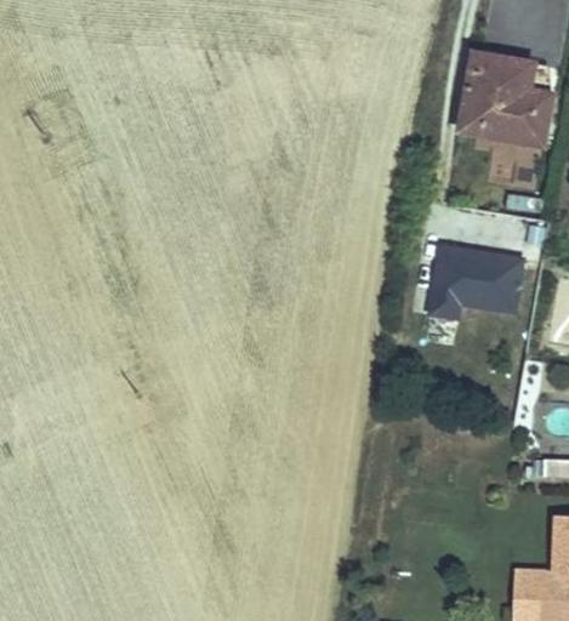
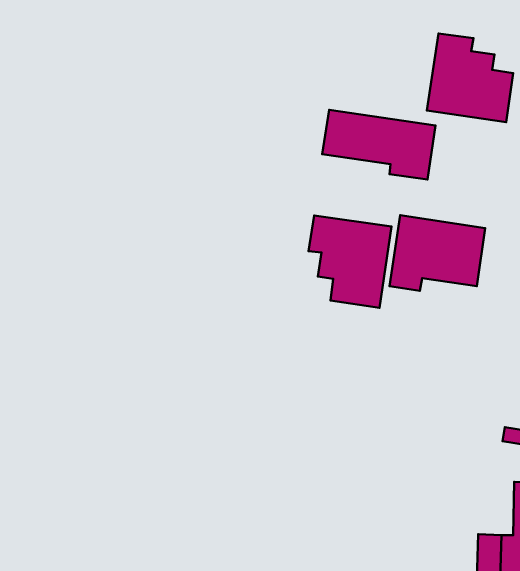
building: none -> [322,110,436,180]
building: none -> [308,215,392,308]

